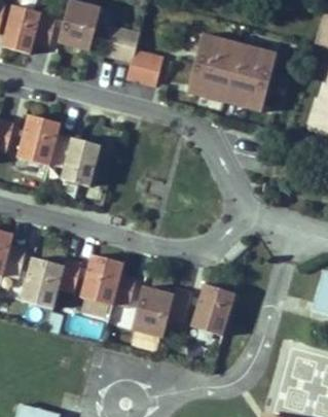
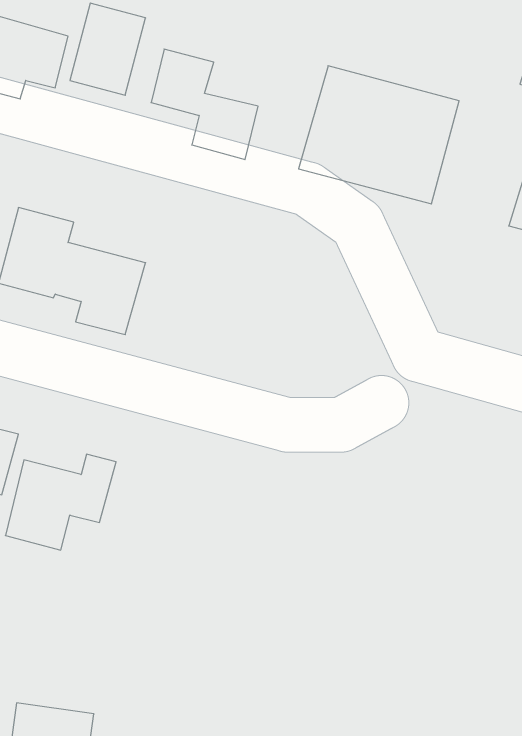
building: [79,254,137,306] -> none
building: [129,282,190,337] -> none
building: [189,284,234,337] -> none

